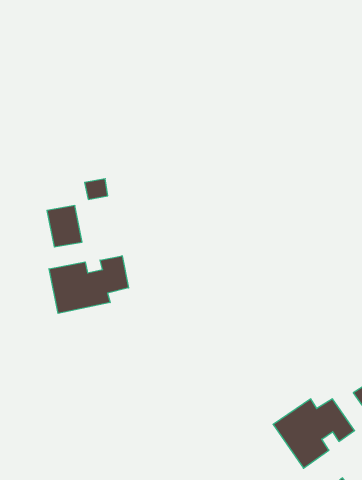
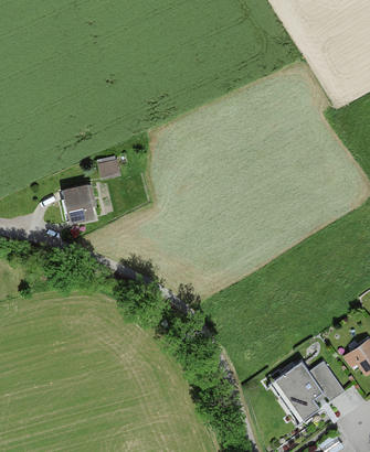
building: [49,256,129,313] -> none

